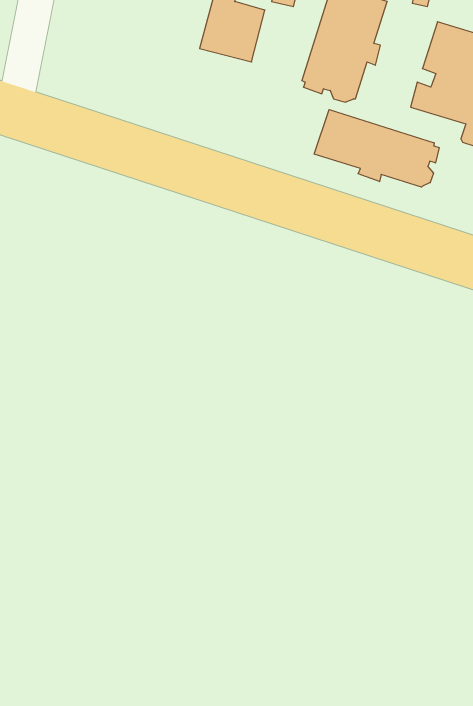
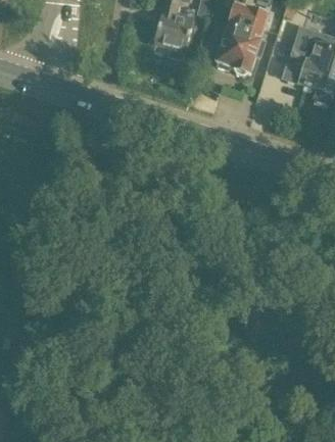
building: [314,110,439,187] -> none

